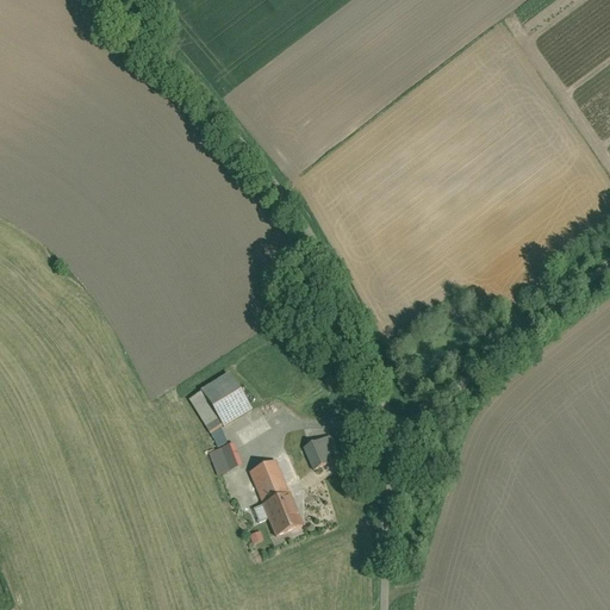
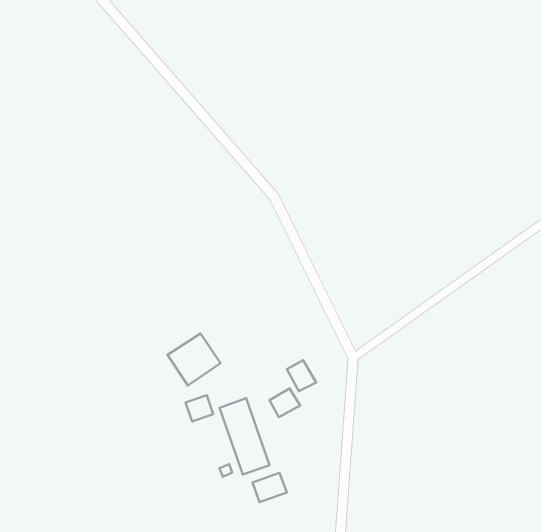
building: none -> [287,360,316,391]
building: none -> [252,473,287,502]

